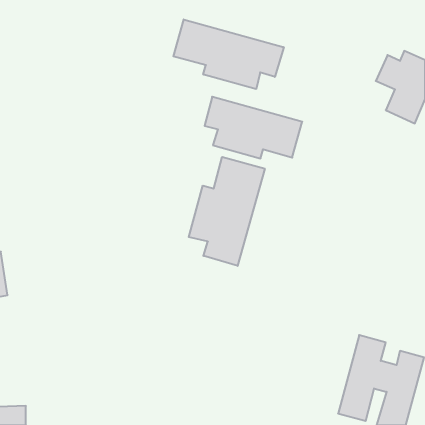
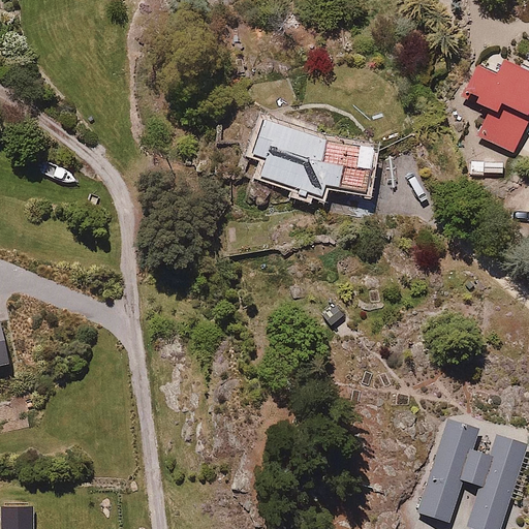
building: [173,19,284,89] -> none
building: [189,157,265,266] -> none

